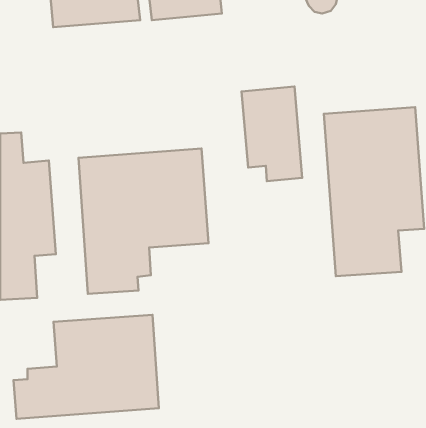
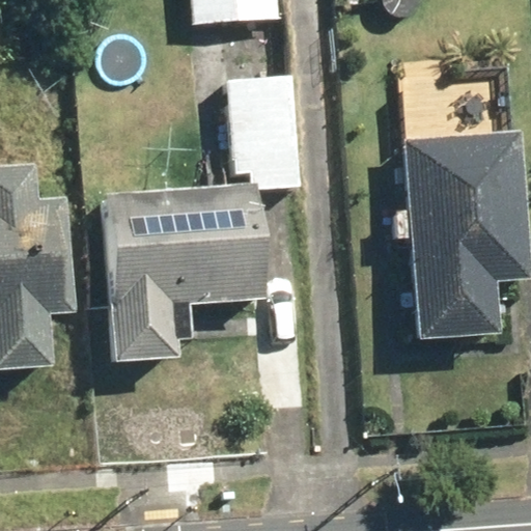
building: [241,87,302,181] -> [226,73,301,189]
building: [13,315,159,419] -> none

